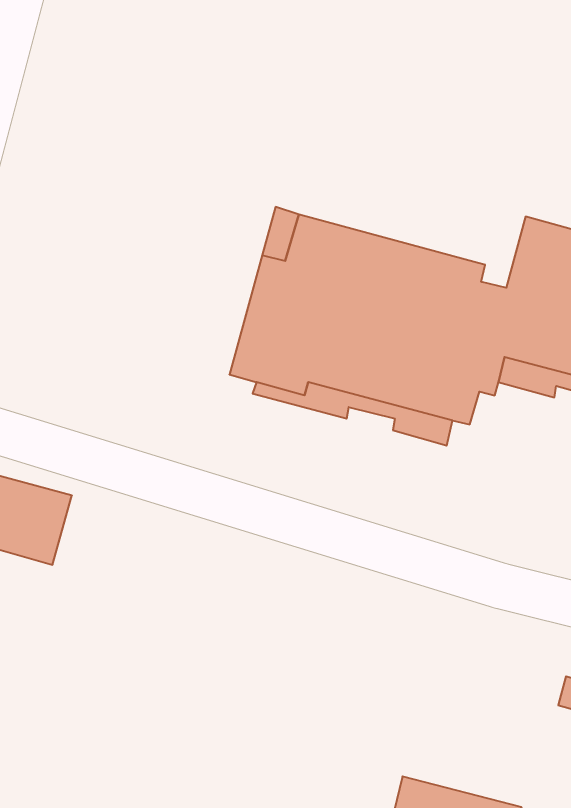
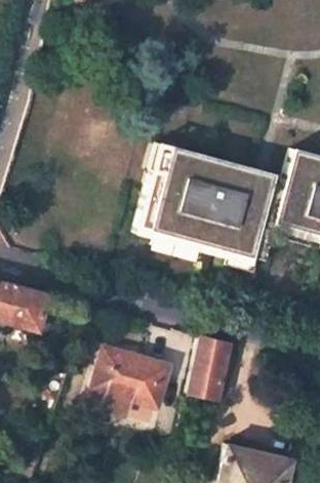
building: none -> [188,335,231,398]
building: none -> [92,346,170,419]

